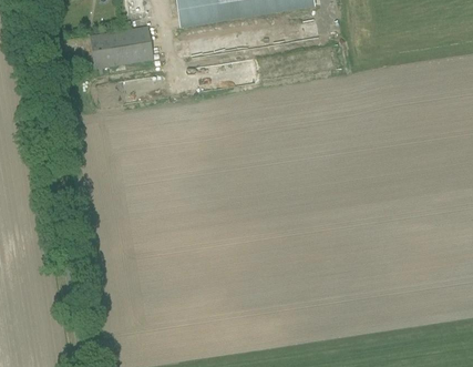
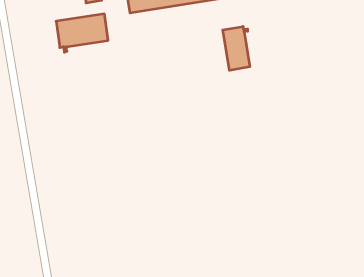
building: none -> [223,26,250,70]

